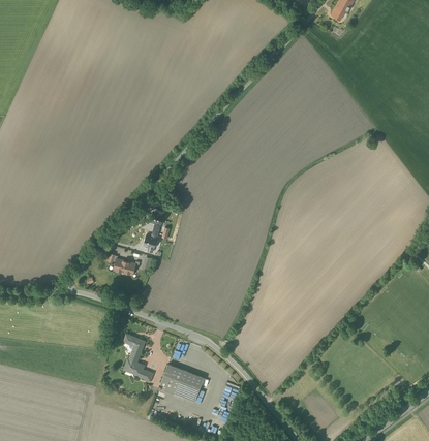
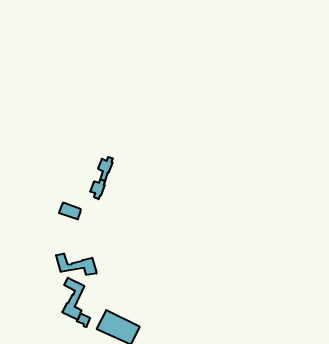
building: none -> [56,253,96,275]

